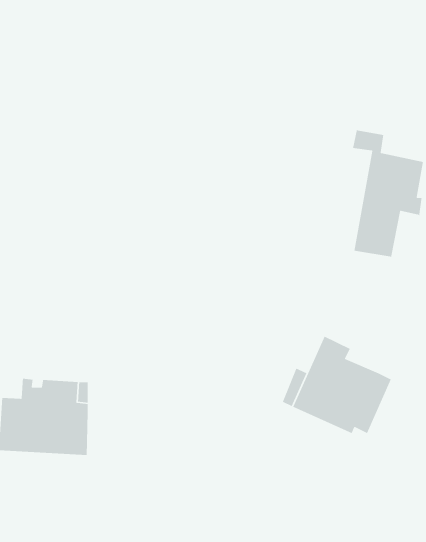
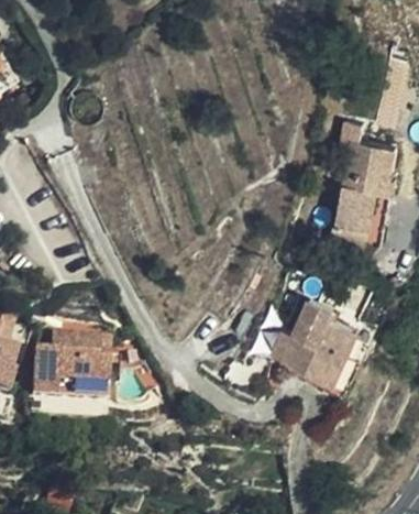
building: none -> [332,189,389,245]

